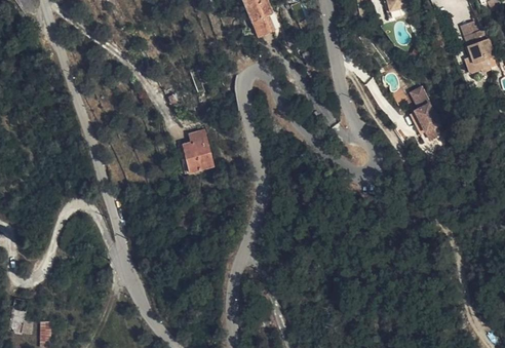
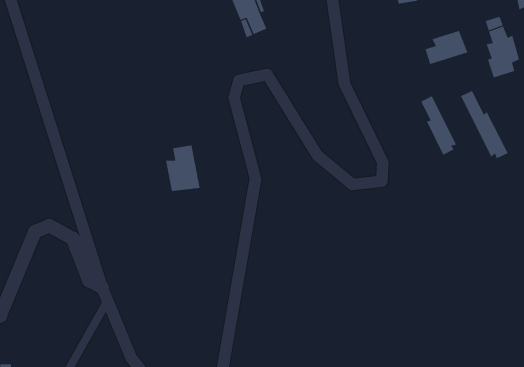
building: none -> [425,30,468,65]
building: none -> [460,90,508,159]

